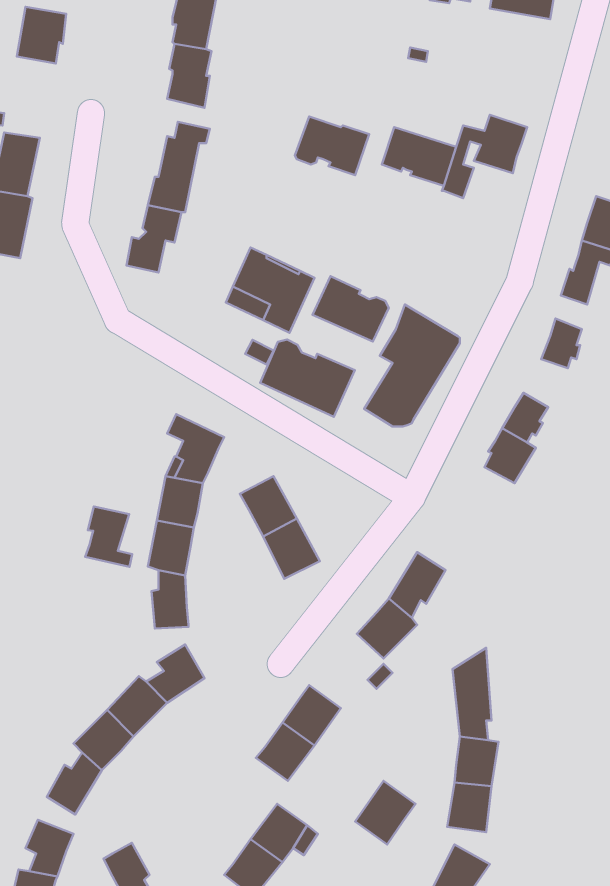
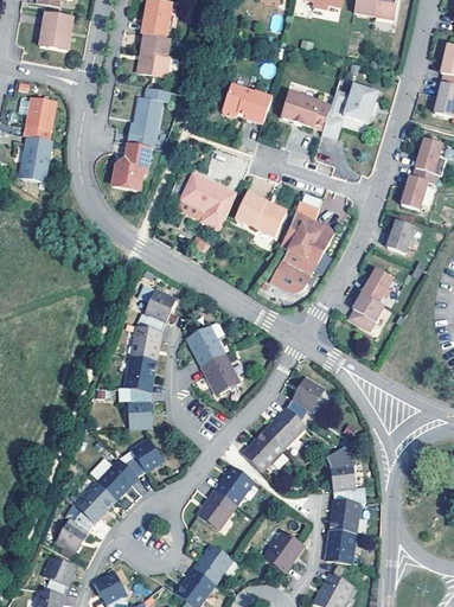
building: [260,339,355,417] -> none
building: [85,507,132,567] -> none
building: none -> [243,430,283,469]

